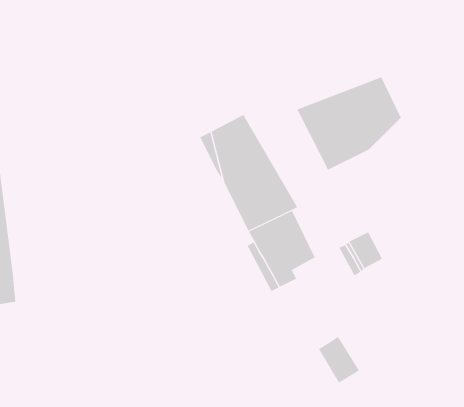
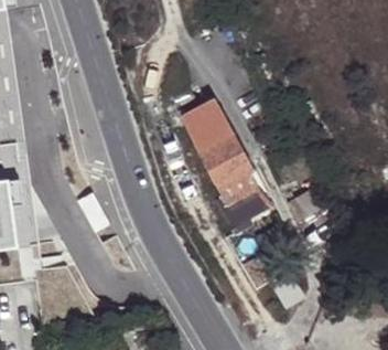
building: [296,76,402,171] -> none

